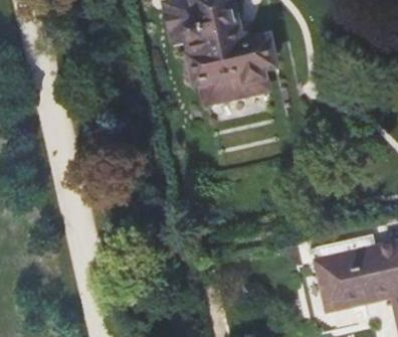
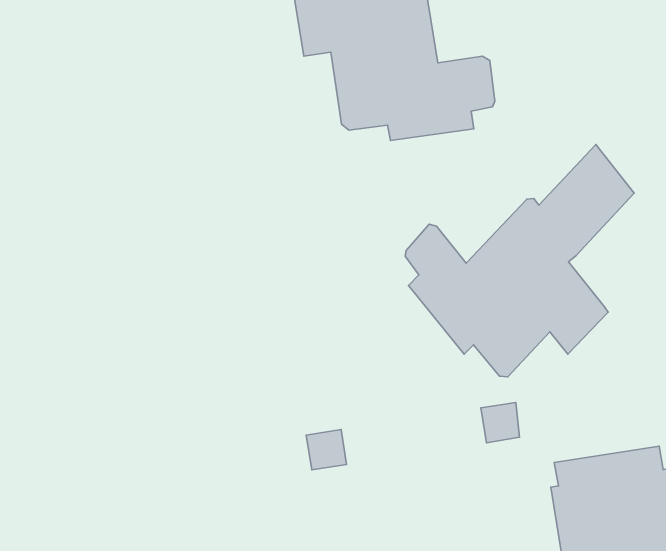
building: none -> [405,144,634,377]

